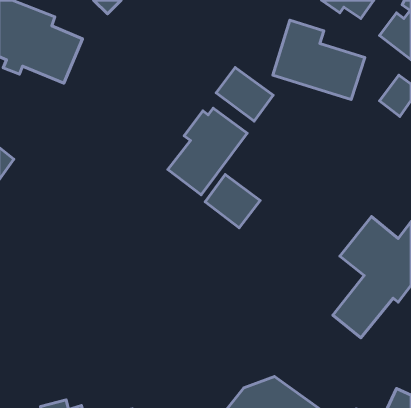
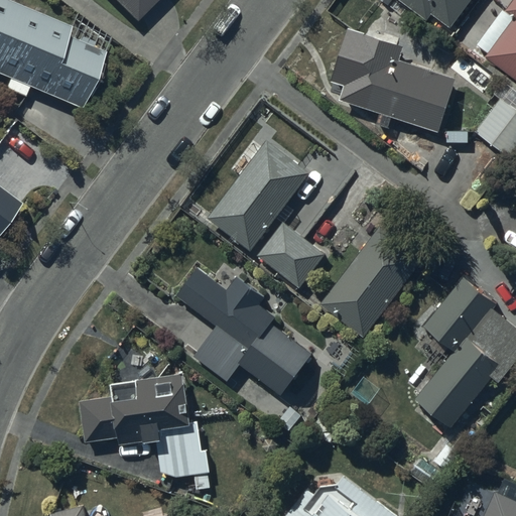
building: [216,67,273,121] -> none
building: none -> [320,225,424,338]
building: none -> [175,268,313,397]
building: none -> [82,374,211,490]

